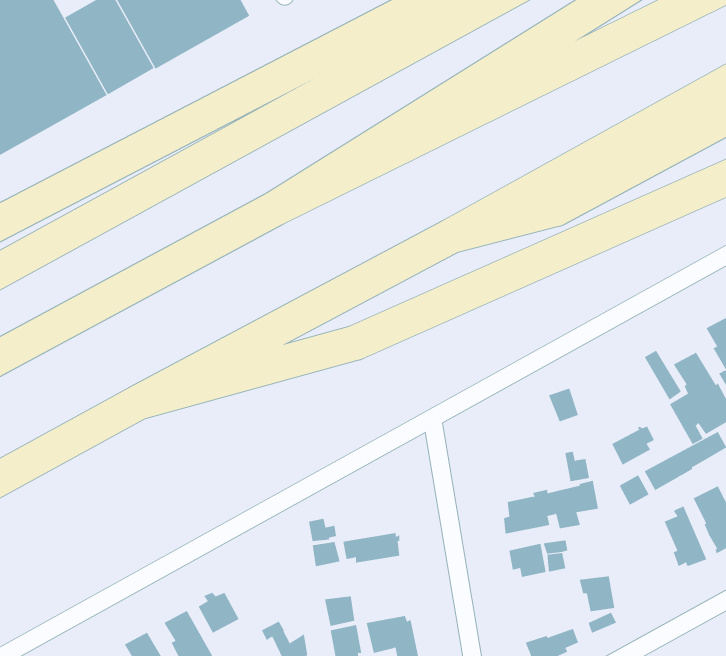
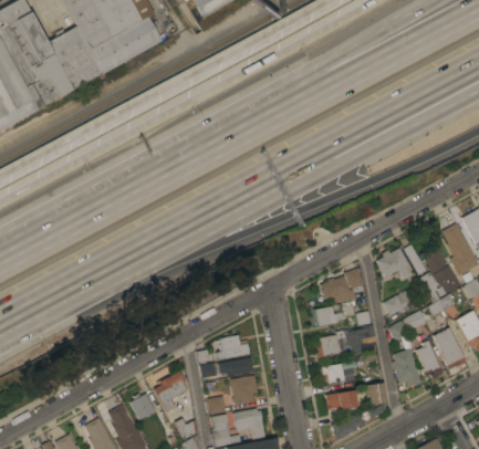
building: none -> [375,248,410,279]
building: none -> [320,275,355,302]
building: none -> [310,304,343,326]
building: none -> [217,334,249,358]
building: none -> [392,348,423,386]
building: none -> [153,369,187,413]
building: none -> [230,374,258,404]
building: none -> [324,389,356,414]

